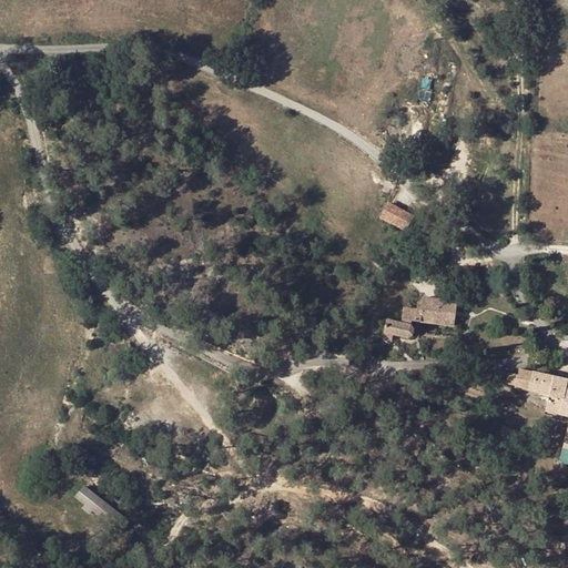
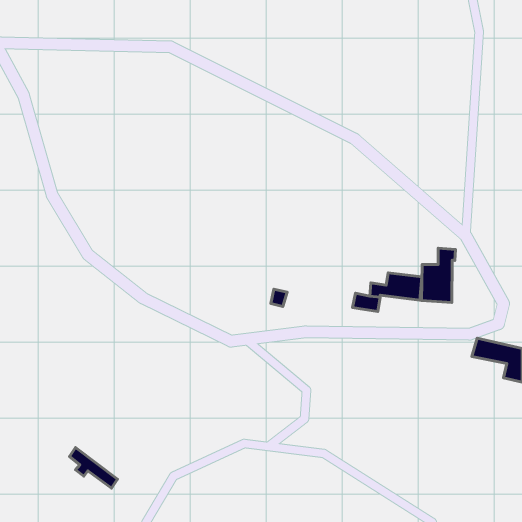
building: [379,202,414,232] -> none
building: none -> [421,248,455,302]

